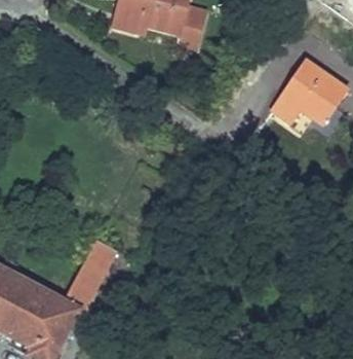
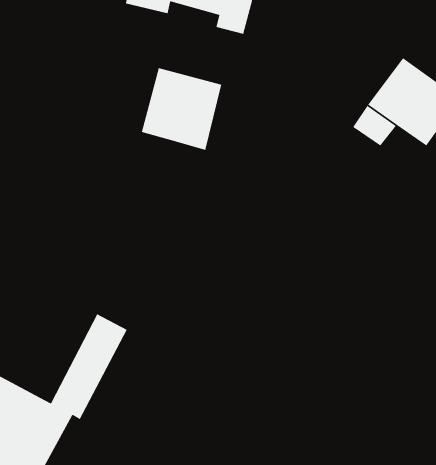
building: none -> [141,67,222,151]

